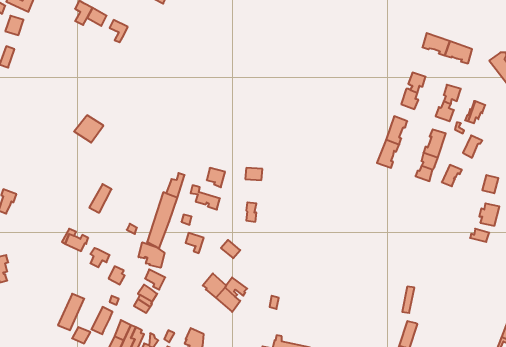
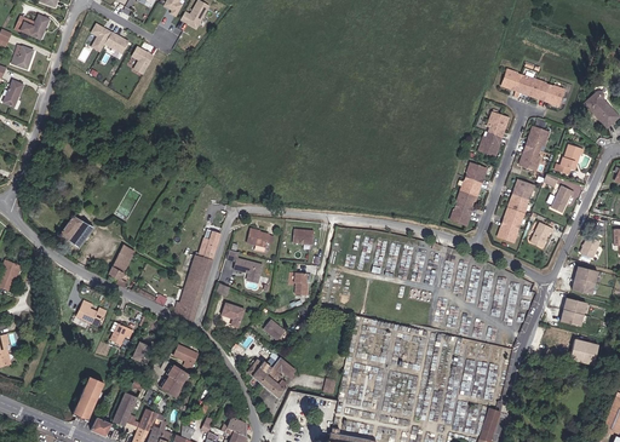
building: [74,115,103,143] -> [58,216,93,248]
building: [139,242,164,268] -> none
building: none -> [566,337,597,364]

